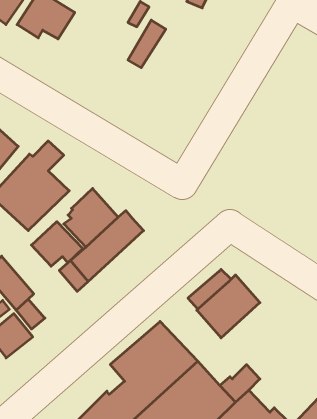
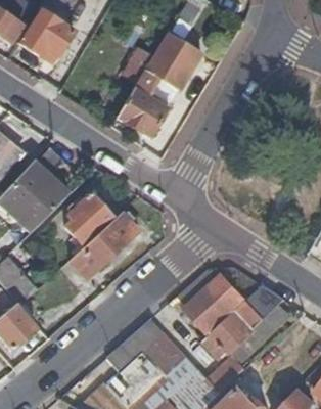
building: none -> [144,34,207,95]
building: none -> [116,90,166,139]
building: [31,222,83,266] -> none
building: none -> [200,285,283,360]

